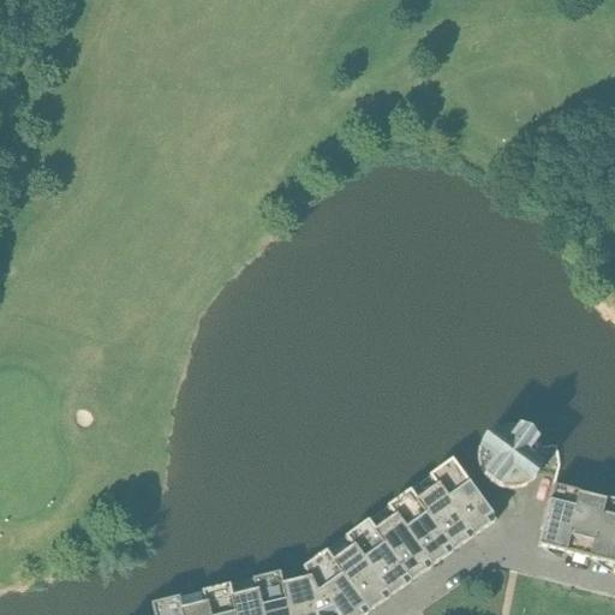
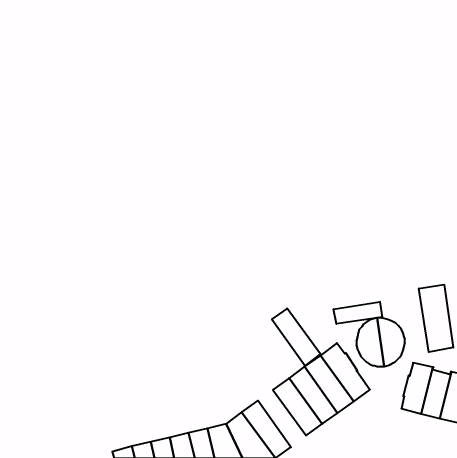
building: none -> [419,285,453,352]
building: none -> [334,302,382,324]
building: [347,521,412,598] -> [272,308,320,366]

